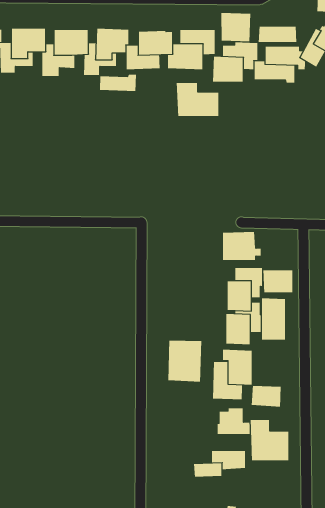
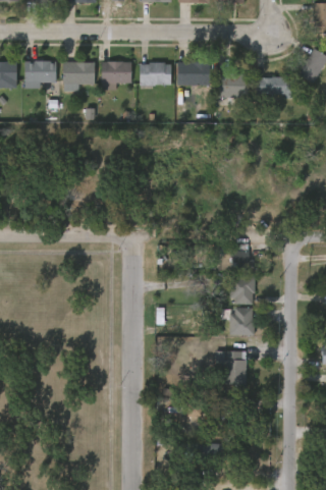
building: [221,12,251,42] -> none
building: [258,26,297,43] -> none
building: [99,74,137,92] -> none
building: [176,82,219,117] -> none
building: [263,269,293,293] -> none
building: [262,298,286,340] -> none
building: [168,340,202,383] -> none
building: [251,385,281,407] -> none
building: [250,419,289,461] -> none

